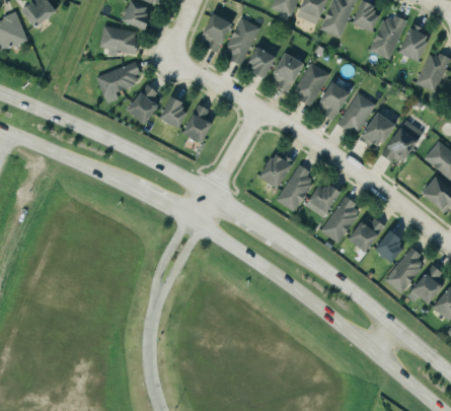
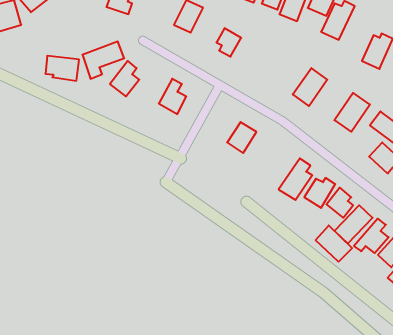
building: [224,18,258,63] -> none
building: [400,25,431,61] -> none
building: [99,26,138,55] -> [45,56,79,81]
building: [271,53,303,92] -> none
building: [291,62,327,106] -> none
building: [315,81,350,121] -> none
building: [161,95,187,127] -> none
building: [360,112,396,149] -> none
building: [275,163,312,212] -> none
building: [305,181,341,218] -> none
building: none -> [316,225,352,262]

